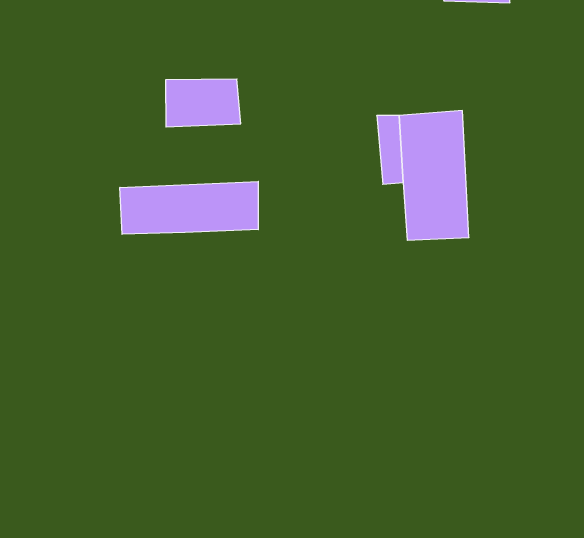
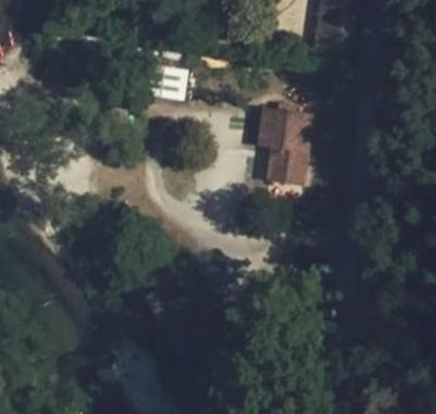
building: [120,181,258,234] -> none

